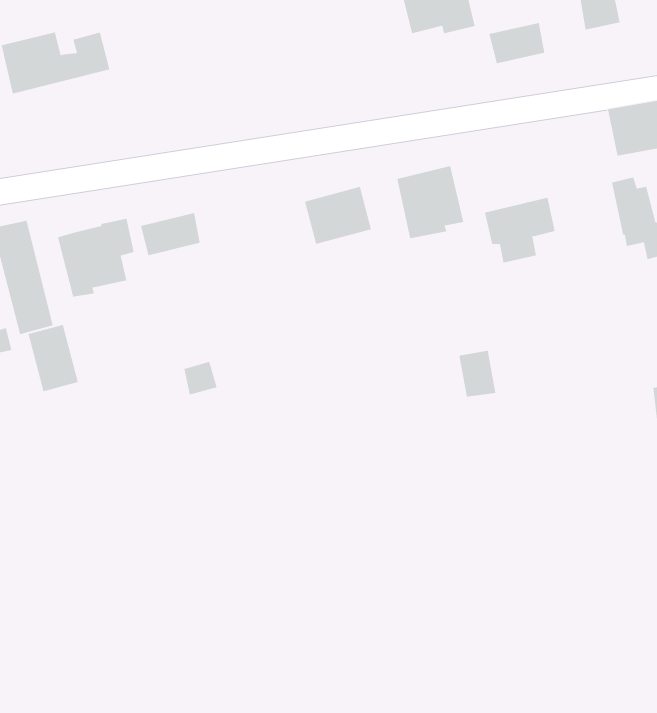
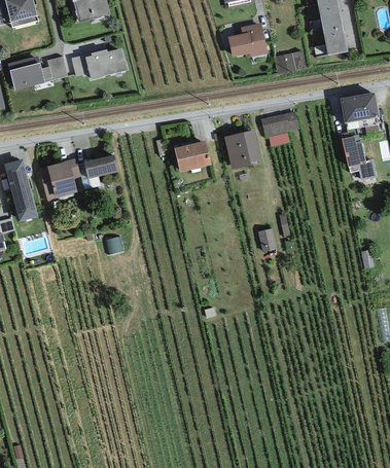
building: none -> [71,47,129,79]
building: [484,197,556,263] -> [260,110,299,146]
building: [28,324,78,392] -> none

